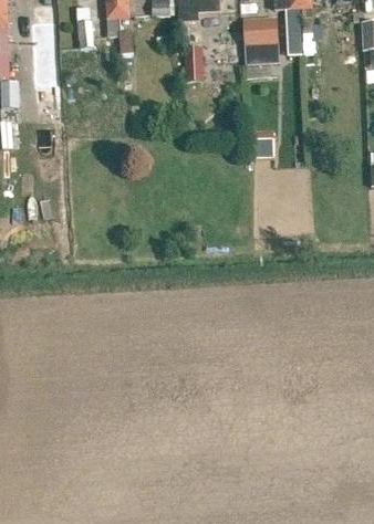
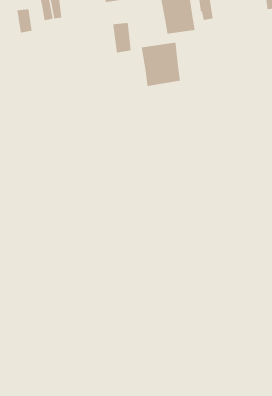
building: none -> [141,42,181,87]

